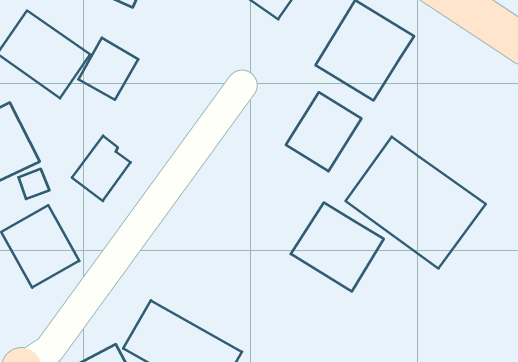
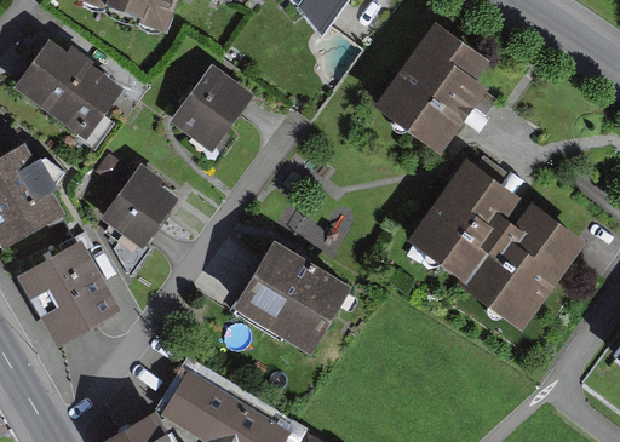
building: [78,38,138,100] -> [177,71,245,142]
building: [286,92,361,171] -> none
building: [291,203,384,291] -> [235,254,340,355]

